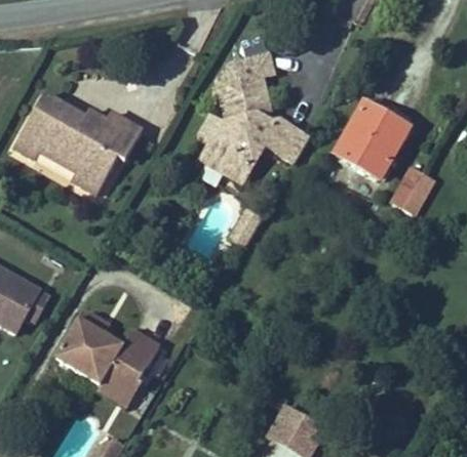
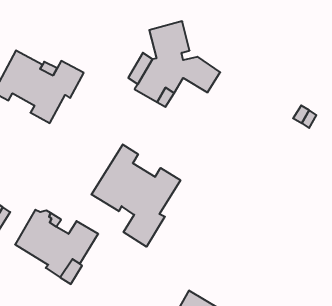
building: [339,103,411,183] -> none
building: none -> [91,144,180,247]

